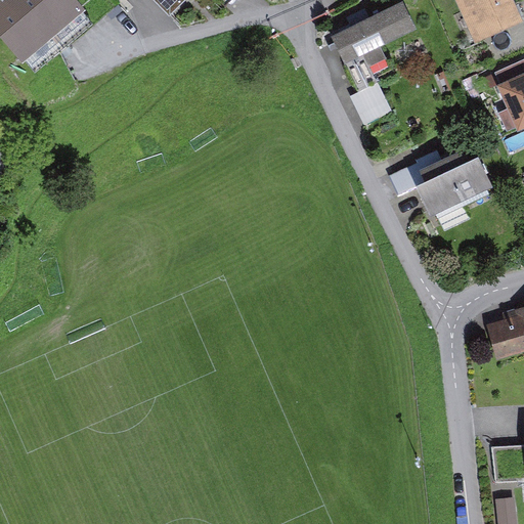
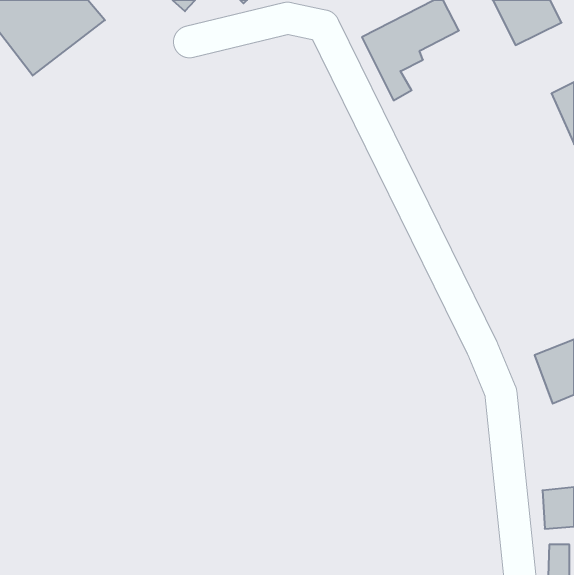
building: [350,83,388,123] -> none
building: [388,149,492,212] -> none

